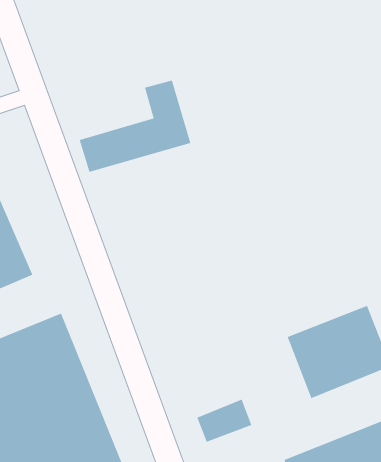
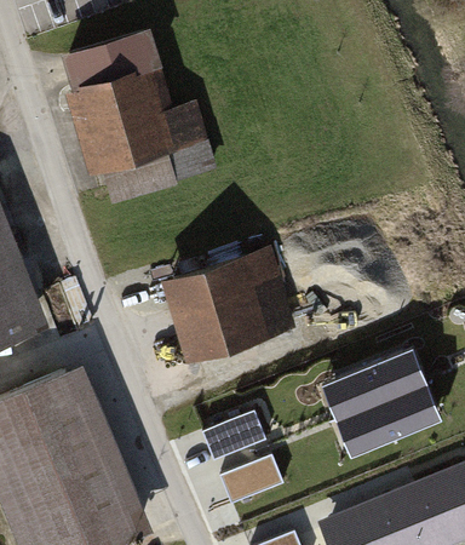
building: none -> [51,31,178,170]
building: none -> [159,247,291,354]
building: none -> [206,414,268,461]

